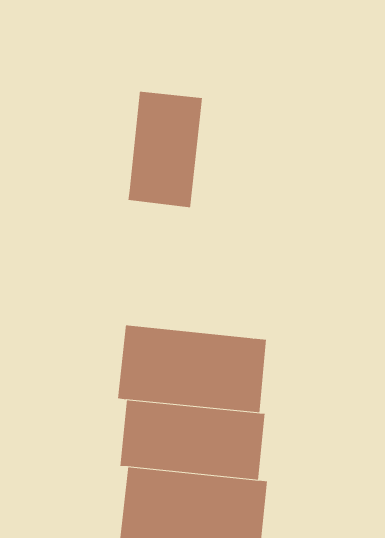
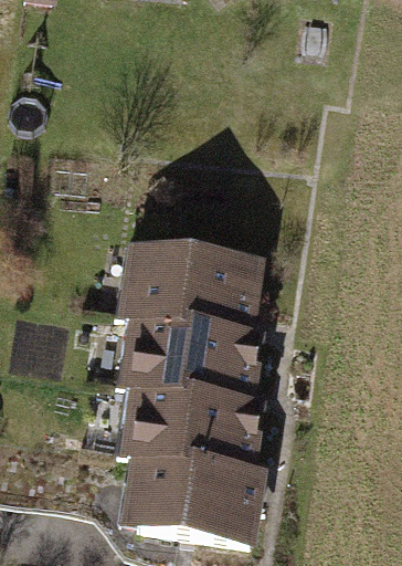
building: [128,91,203,208] -> none
building: none -> [116,258,258,340]

